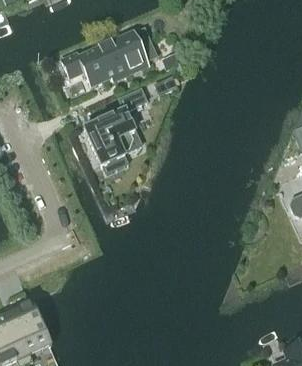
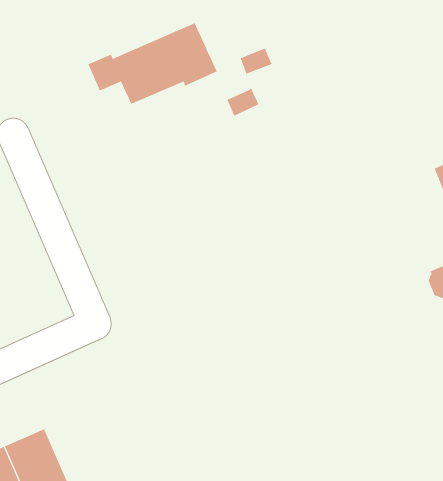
building: [84,88,146,165] -> none

